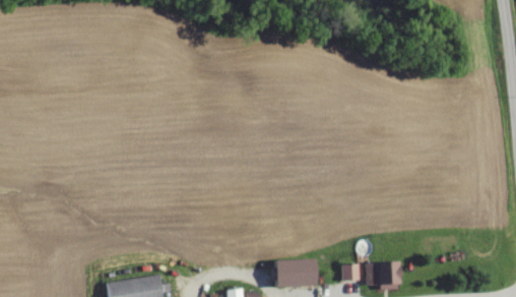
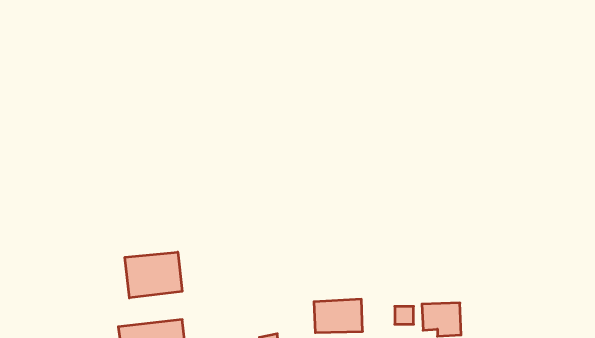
building: none -> [125,252,182,298]

